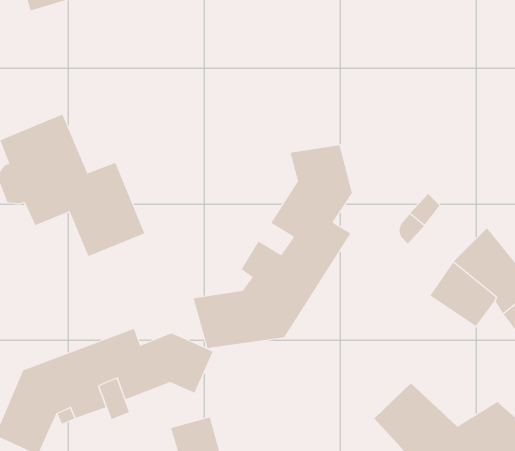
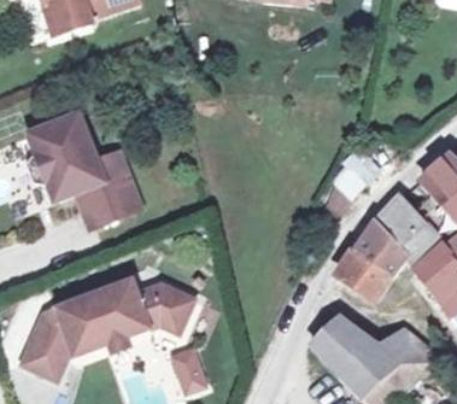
building: [193,145,353,349] -> none
building: none -> [342,253,396,301]

